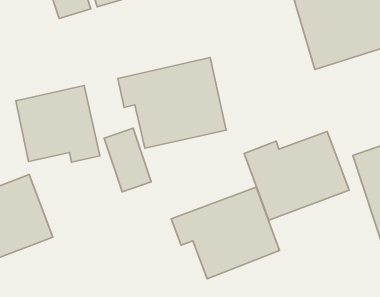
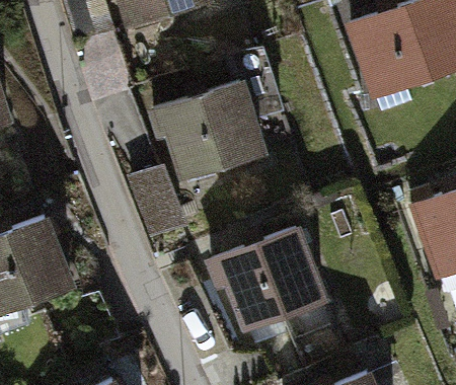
building: [16,85,100,162] -> none
building: [244,131,349,220] -> none

